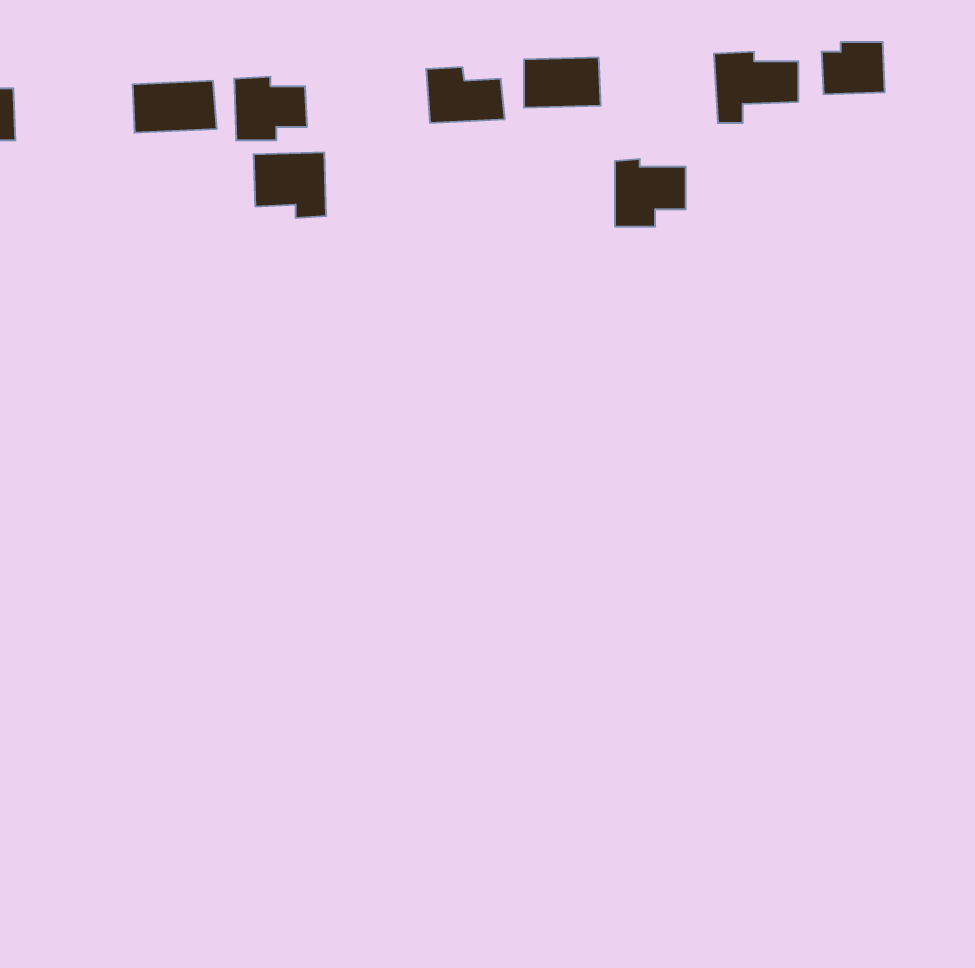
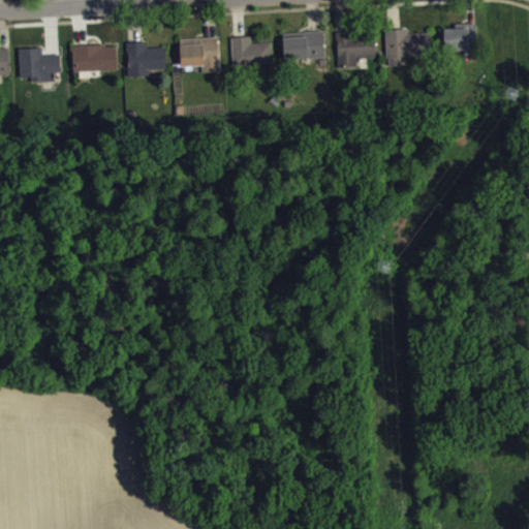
building: none -> [18,48,60,82]
building: [253,153,326,218] -> [179,37,218,72]
building: [615,159,686,226] -> [336,31,374,67]

